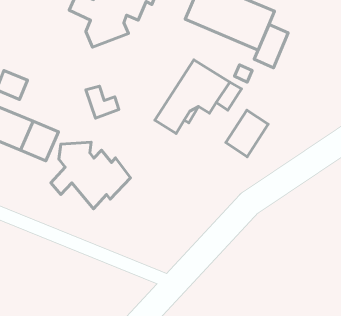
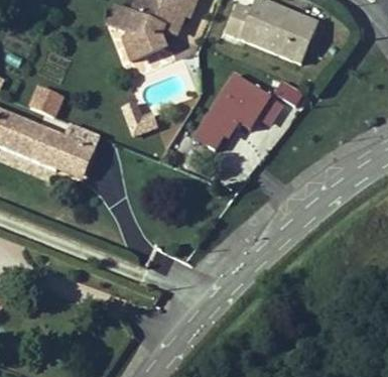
building: [254,24,288,68] -> none
building: [226,110,268,157] -> none
building: [51,142,131,209] -> none

